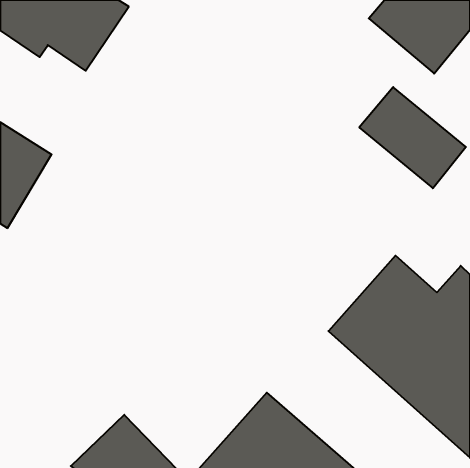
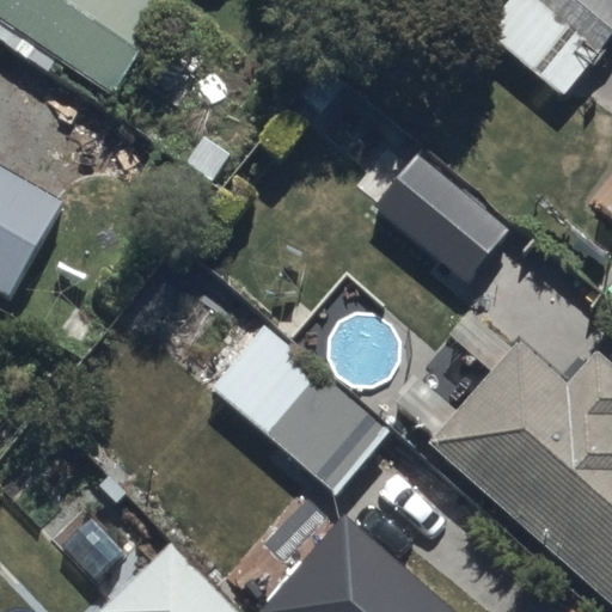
building: [359,87,466,188] -> [372,154,510,286]
building: none -> [210,319,393,495]

